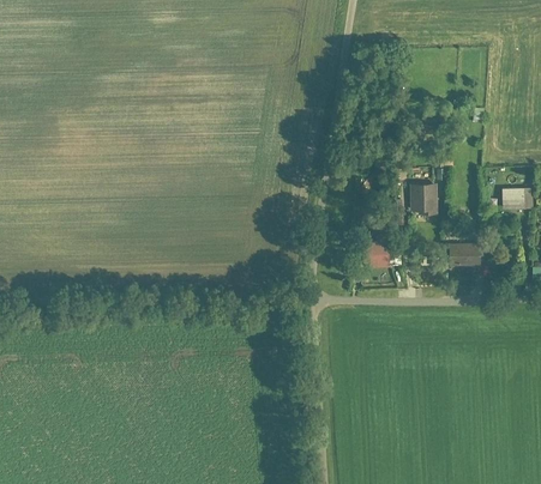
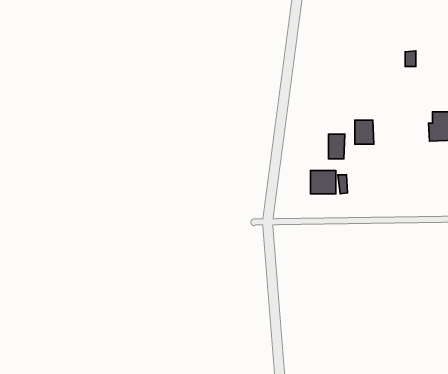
building: none -> [328,134,345,159]
building: [451,242,482,266] -> none

